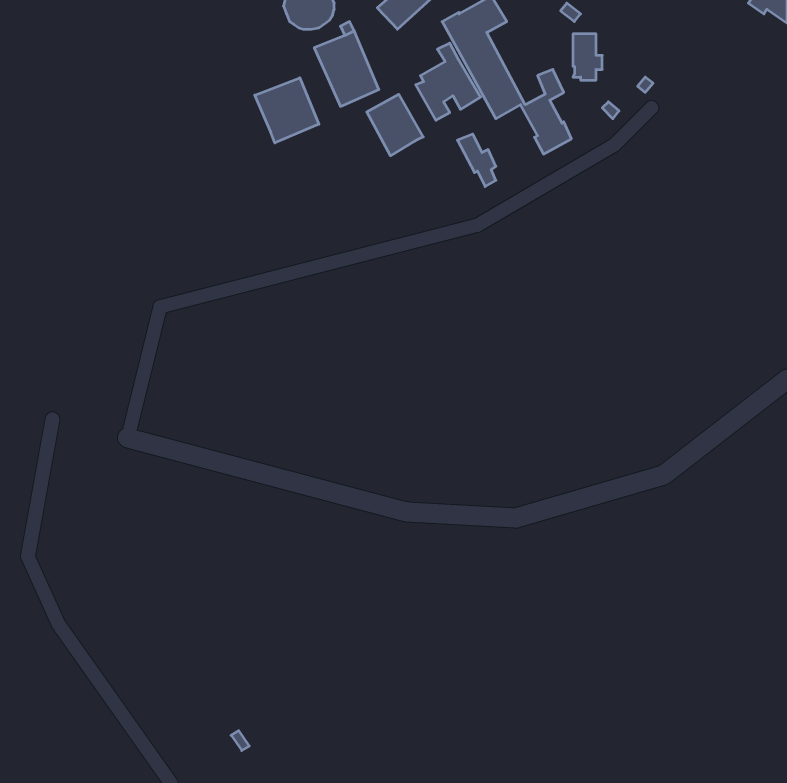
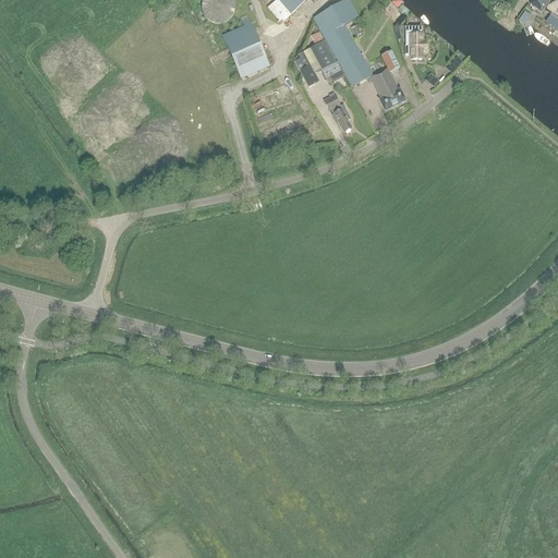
building: [255,78,319,143] -> none
building: [367,94,423,156] -> none

